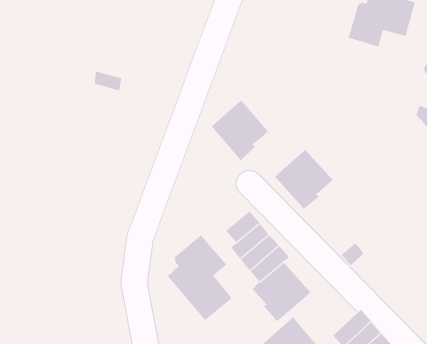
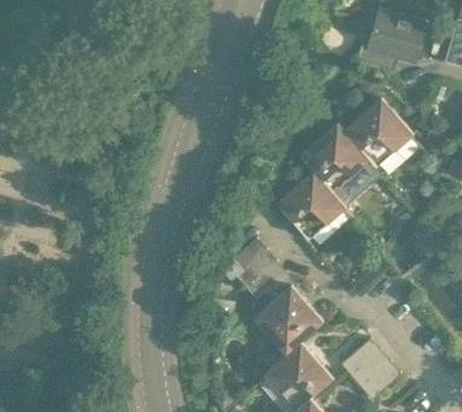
building: none -> [351,101,410,164]
building: [211,99,269,161] -> [307,127,366,190]
building: [167,234,233,321] -> none

